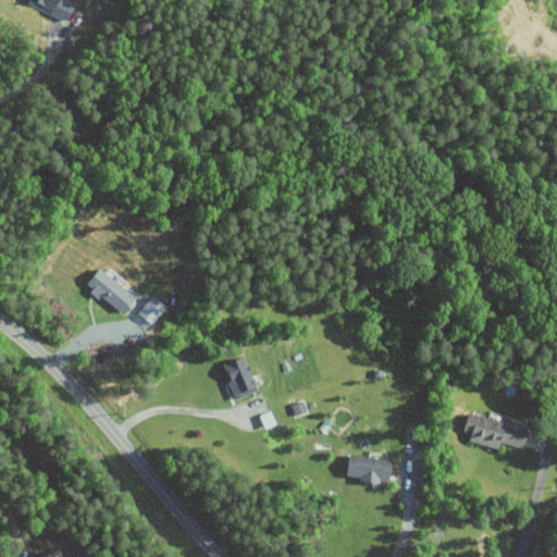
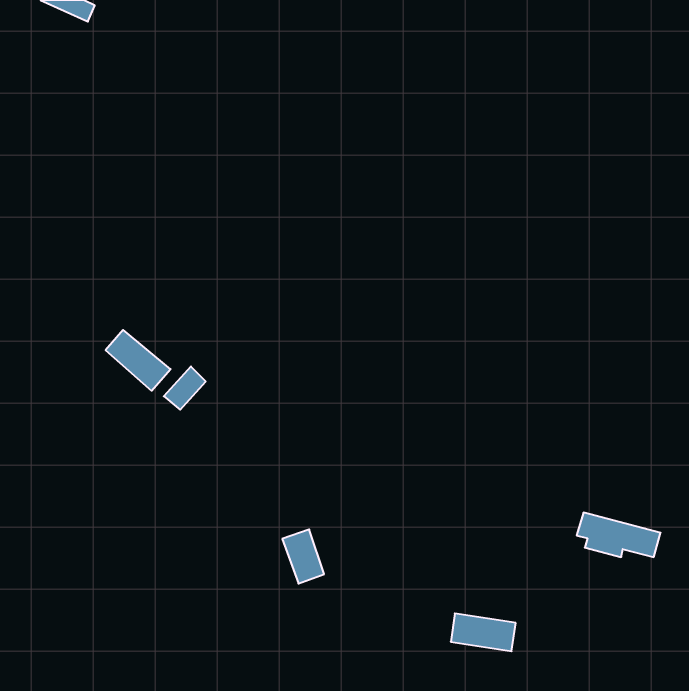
building: [223,355,257,398] -> [282,529,324,584]
building: [343,453,395,483] -> [451,613,516,651]

